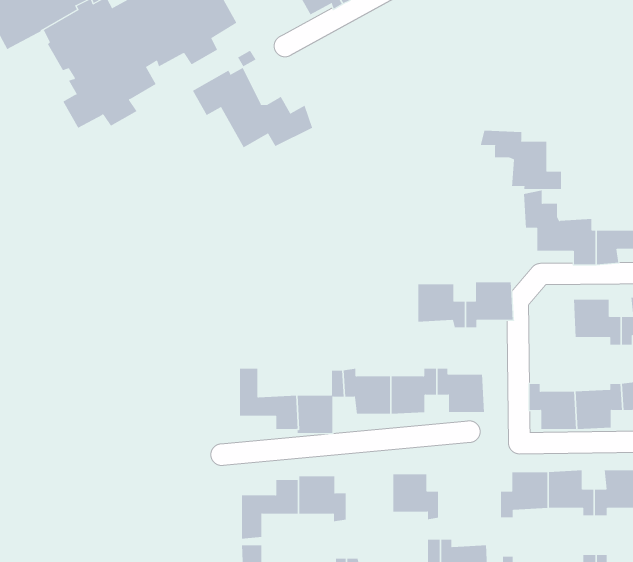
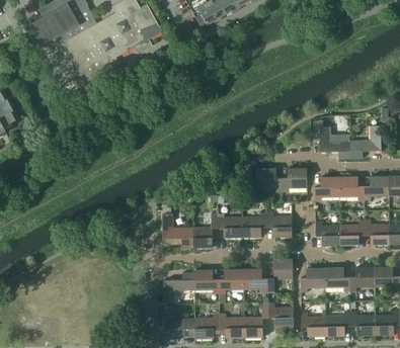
building: [192,67,313,148] -> none
building: [480,130,561,190] -> none
building: none -> [314,177,339,201]
building: none -> [267,259,293,292]
building: none -> [219,269,243,303]

